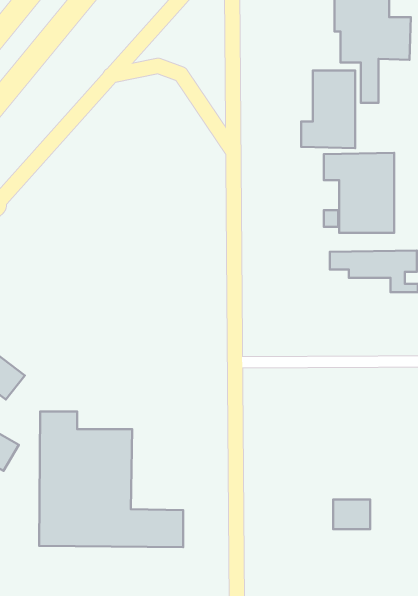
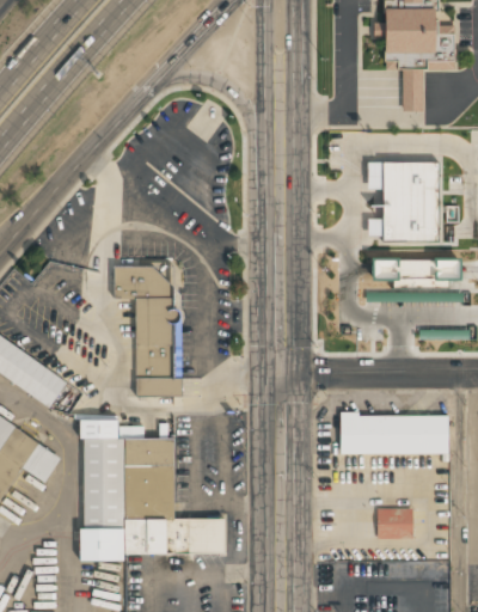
building: [301,70,355,148] -> none
building: none -> [114,265,177,396]
building: none -> [339,414,449,454]

